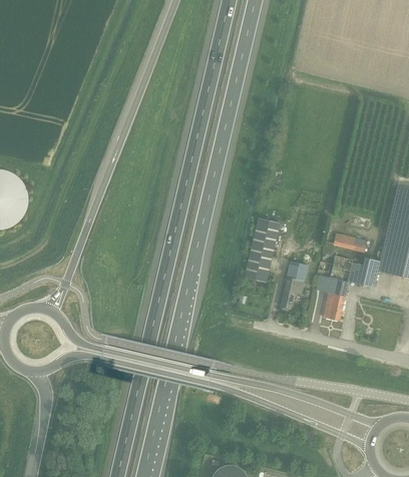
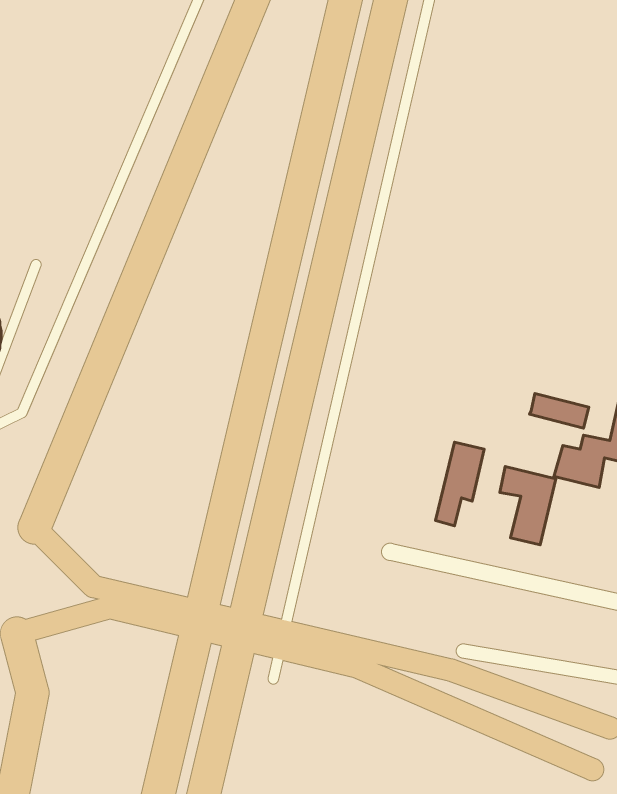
building: [245,217,281,282] -> none

